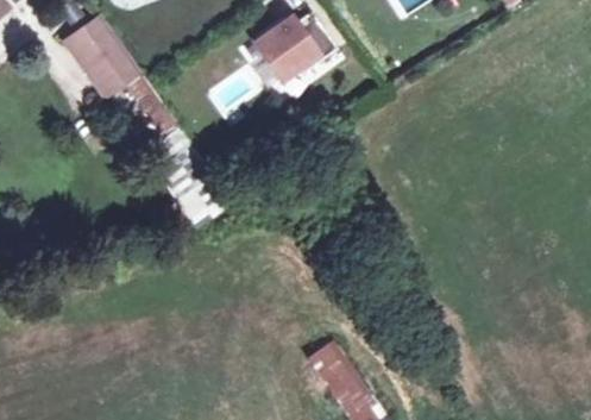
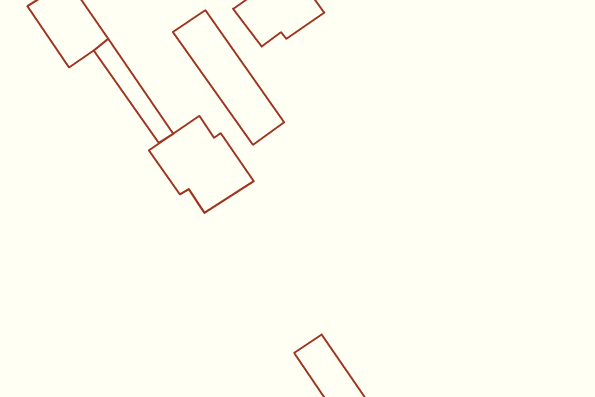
building: none -> [173,10,284,145]
building: none -> [149,116,254,213]

